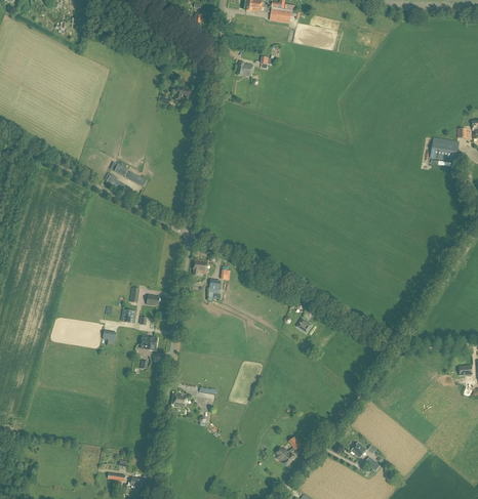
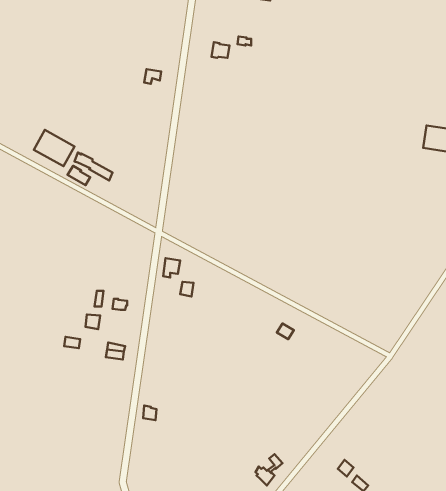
building: none -> [34,130,75,166]

